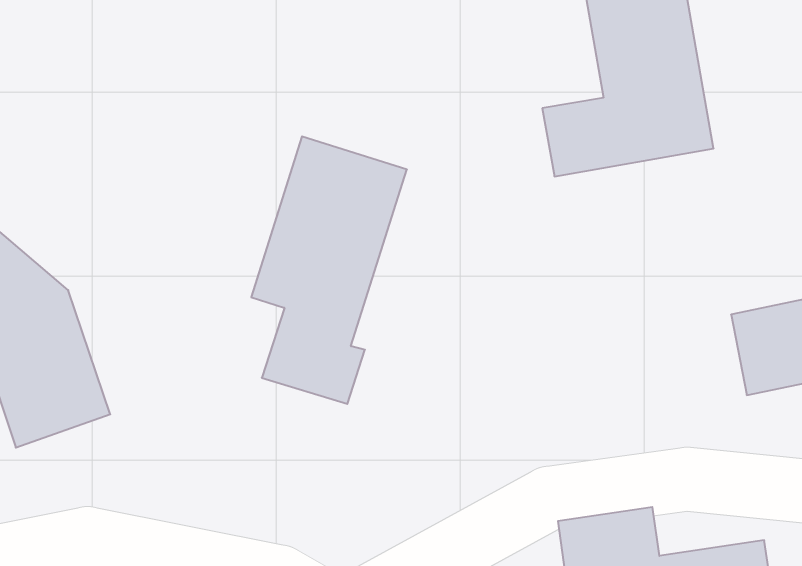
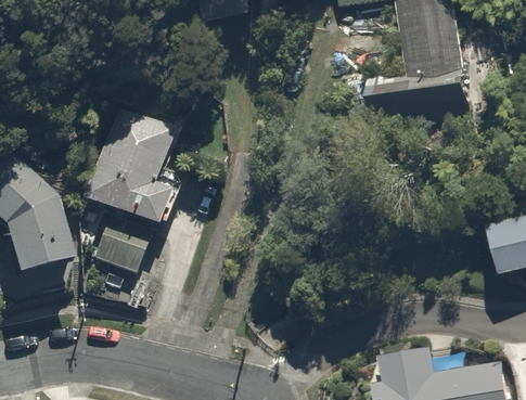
building: [251,136,407,404] -> [88,112,184,278]

